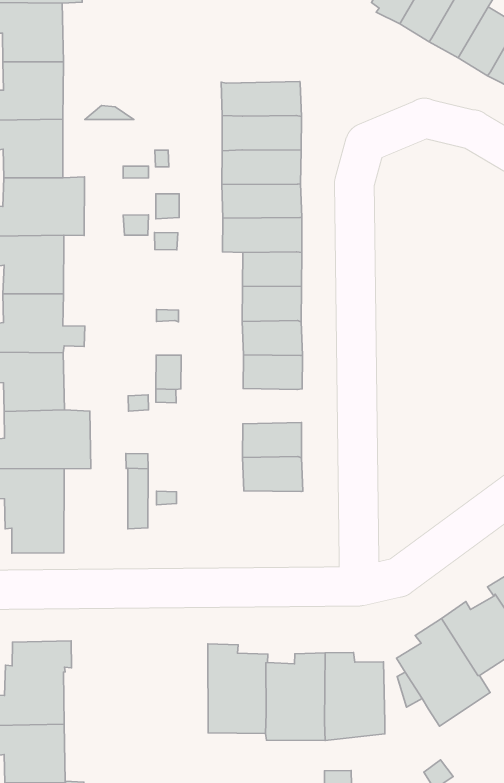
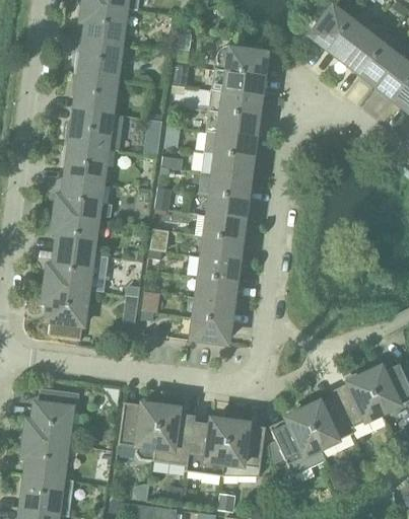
building: none -> [217,44,266,75]
building: none -> [200,254,238,280]
building: none -> [192,316,230,343]
building: none -> [119,403,160,459]

